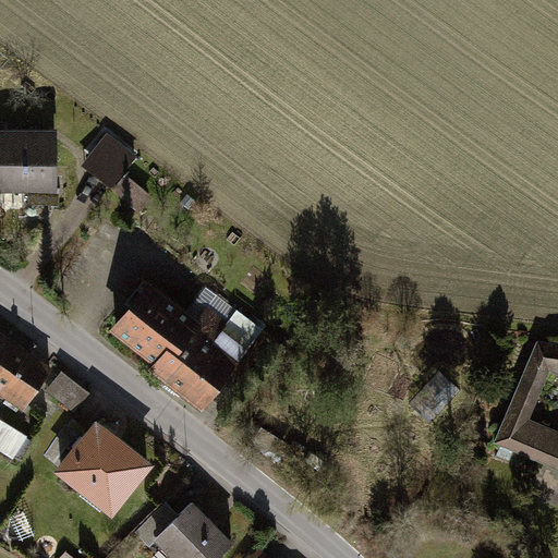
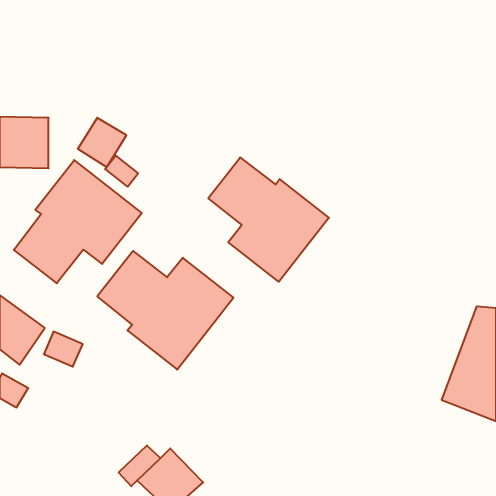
building: none -> [208,157,329,282]
building: none -> [14,160,142,283]
building: [53,423,147,513] -> none

